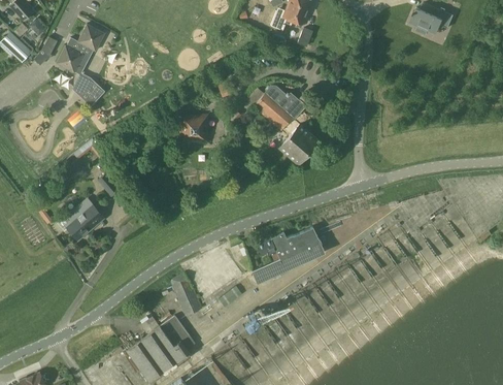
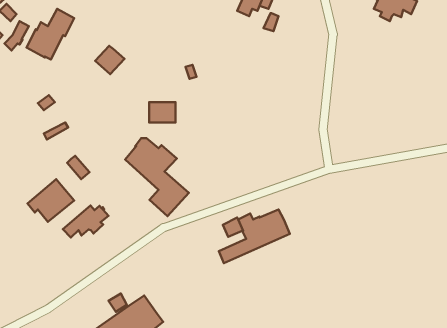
building: [76,77,106,106] -> [95,46,124,74]
building: [255,85,320,164] -> [125,138,189,216]
building: none -> [63,205,108,237]
building: [171,272,203,316] -> none

